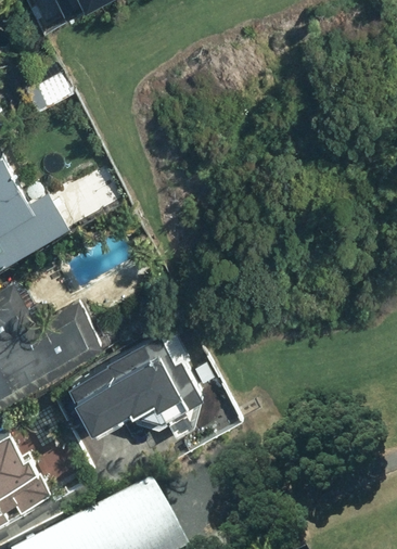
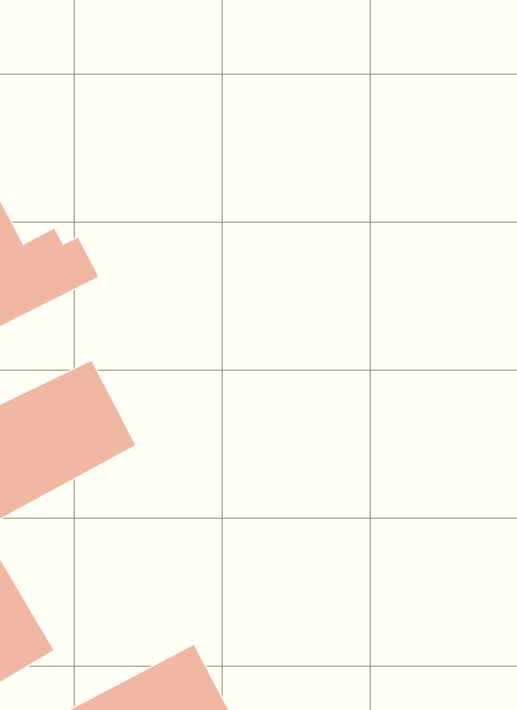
building: [63,330,204,439] -> none

